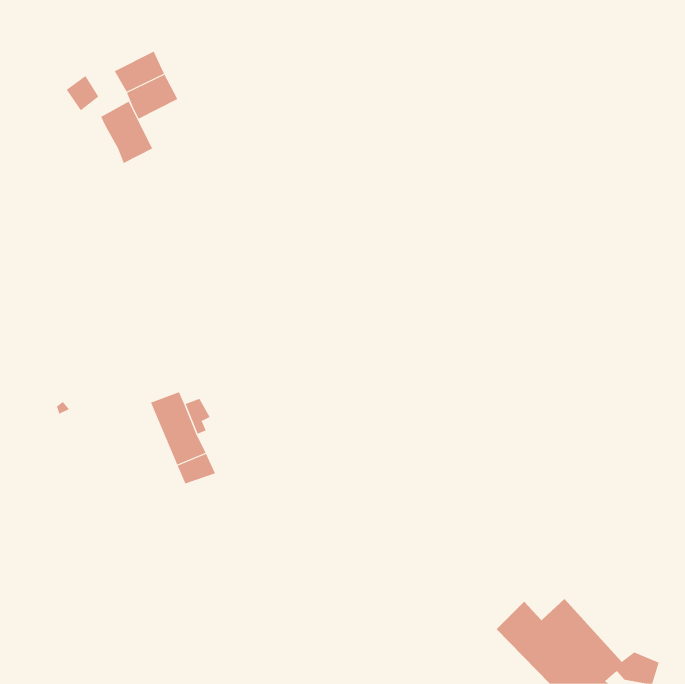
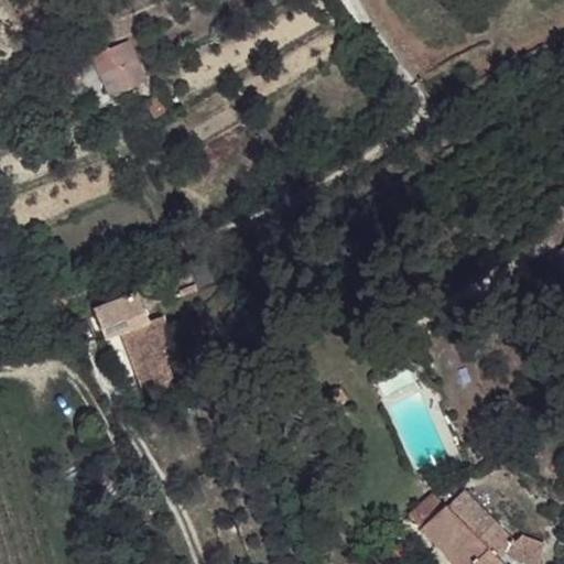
building: [101,101,153,164] -> none
building: none -> [95,291,148,336]

